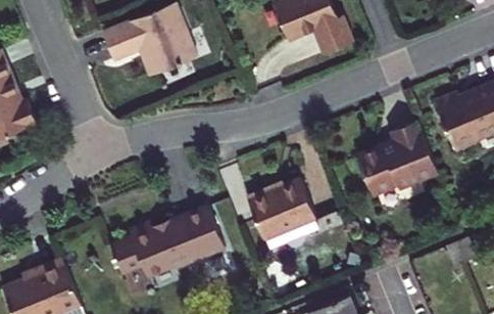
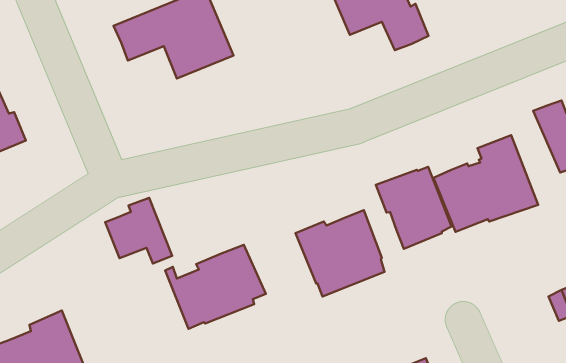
building: none -> [376,167,451,249]
building: [108,227,161,279] -> [105,198,172,263]

